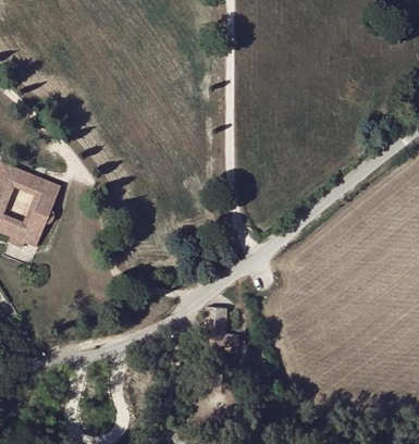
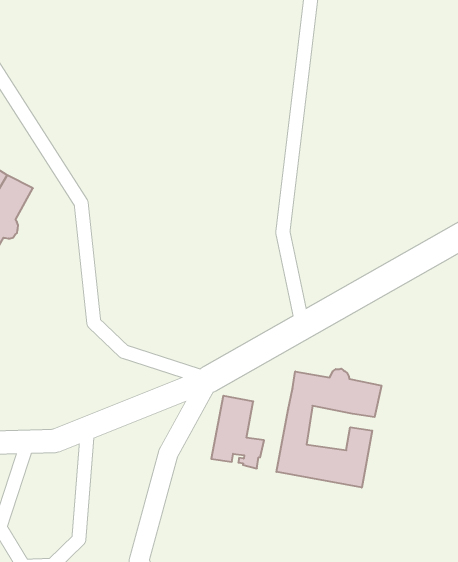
building: none -> [276,369,381,488]

